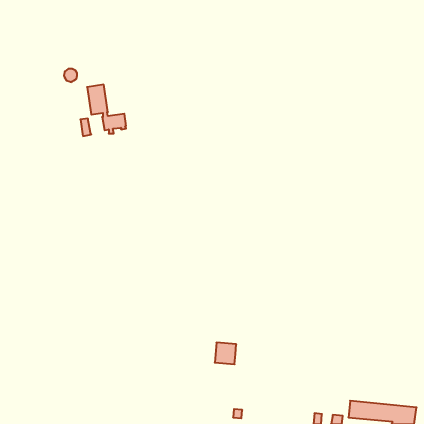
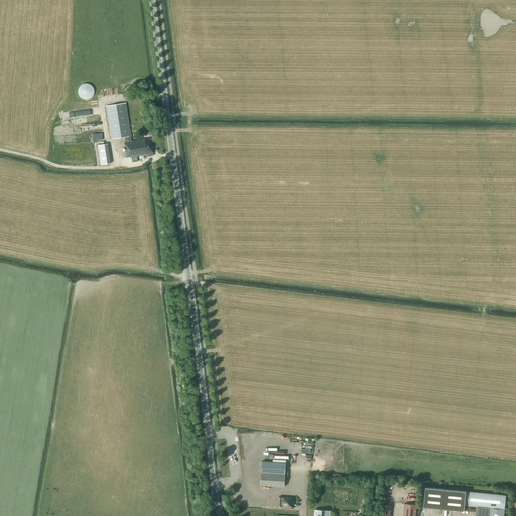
building: [215,343,236,364] -> [260,461,286,487]

